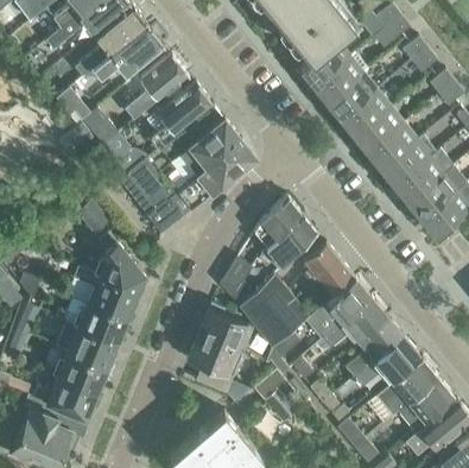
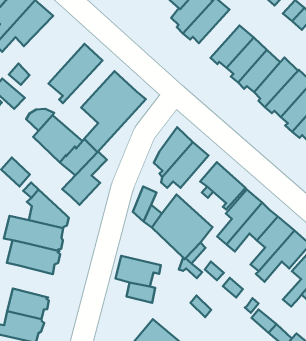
building: [134,55,190,114] -> none
building: [328,74,378,122] -> none
building: none -> [62,151,107,205]
building: [199,304,248,352] -> none
building: [59,325,118,368] -> none

